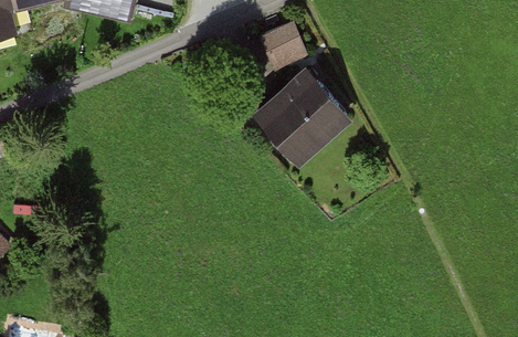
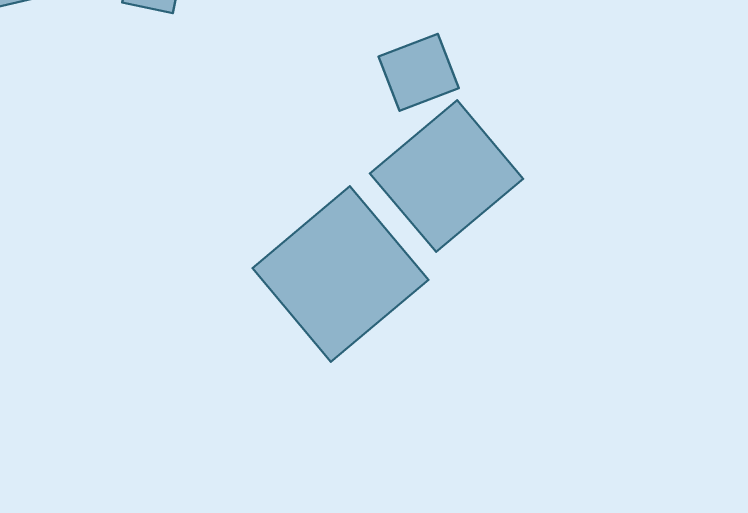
building: none -> [252,186,428,362]

